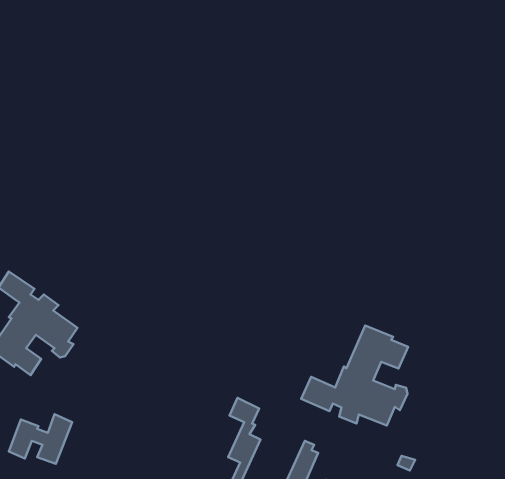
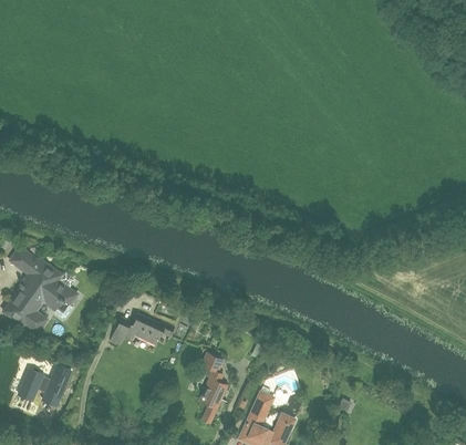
building: [301,325,408,426] -> none
building: none -> [108,311,172,345]

